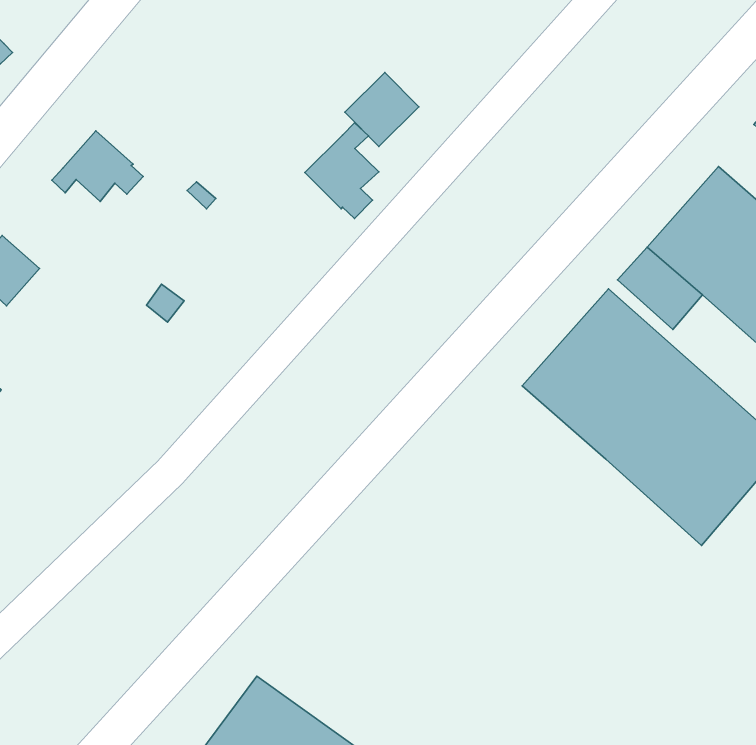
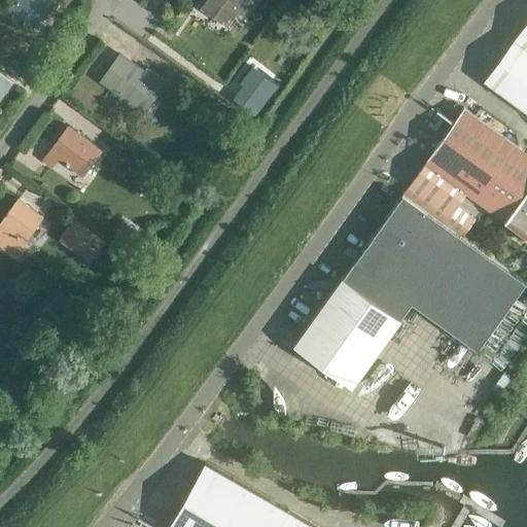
building: none -> [102,57,167,117]
building: [305,123,379,219] -> none
building: none -> [59,220,105,264]
building: none -> [294,264,413,388]

